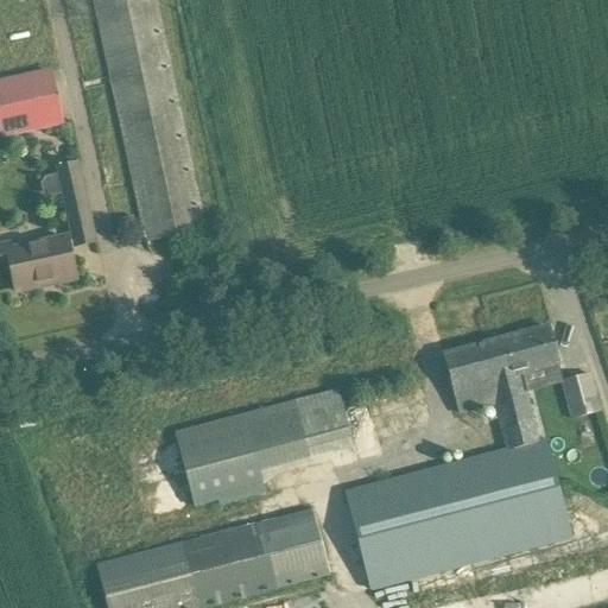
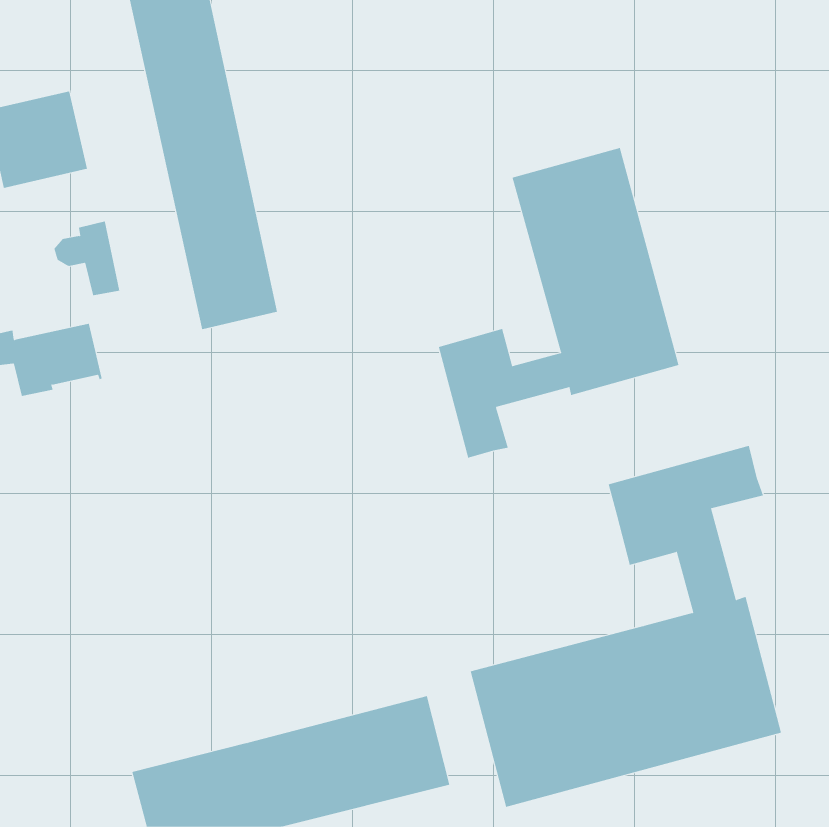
building: none -> [438,147,679,459]
building: [562,373,600,417] -> none
building: [173,388,353,506] -> none

